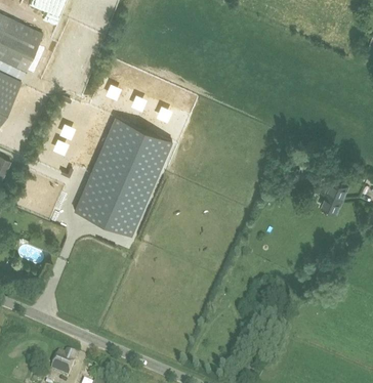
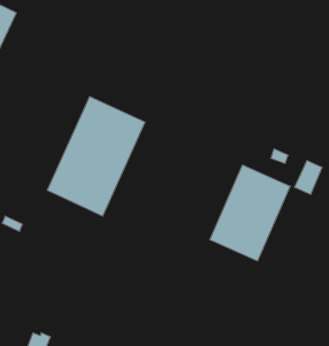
building: none -> [210,165,290,261]

